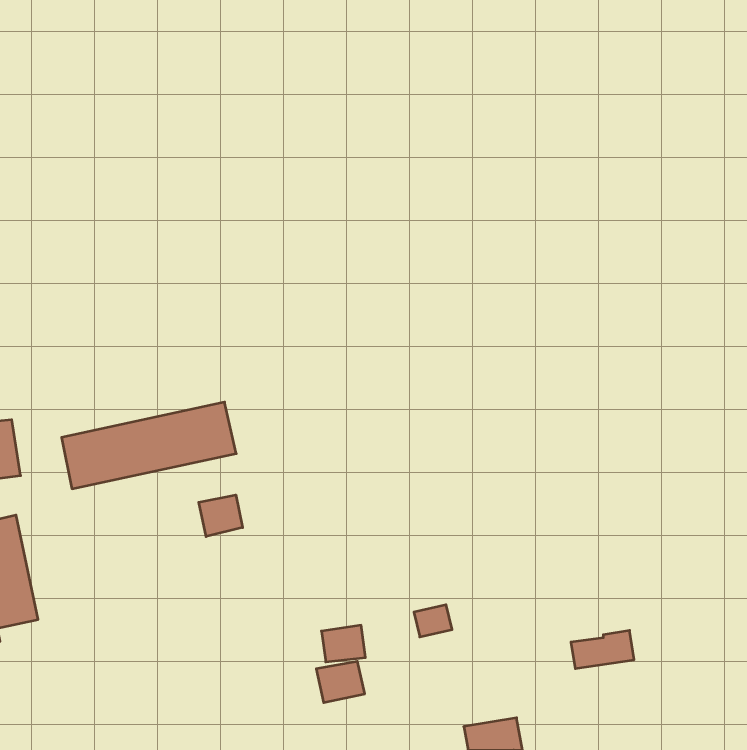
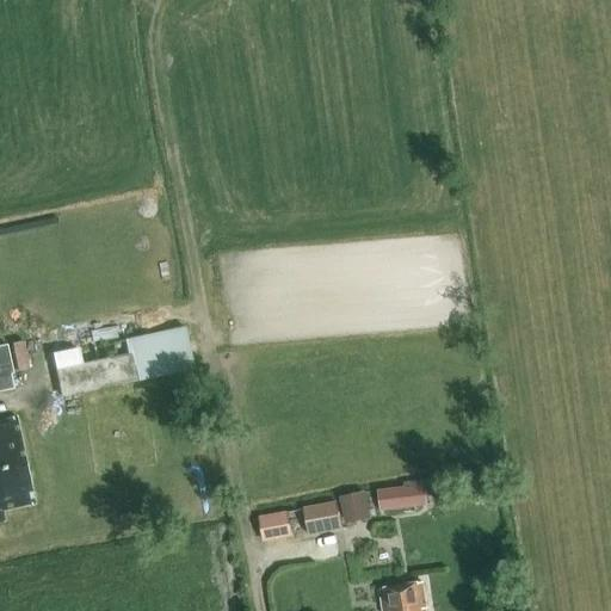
building: [199,495,243,537] -> none
building: [571,630,634,669] -> [375,481,426,512]
building: [316,661,365,703] -> [301,502,340,536]

